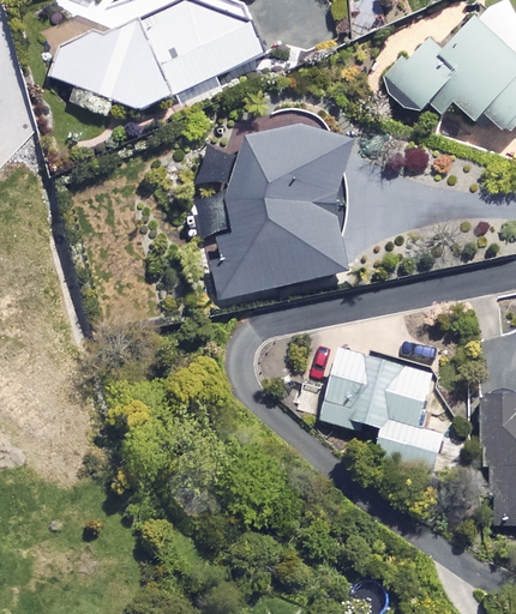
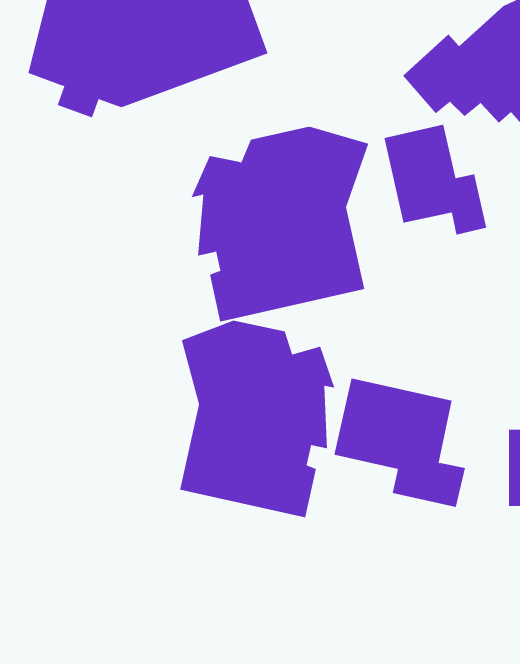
building: none -> [384,124,487,236]
building: none -> [179,320,335,518]

